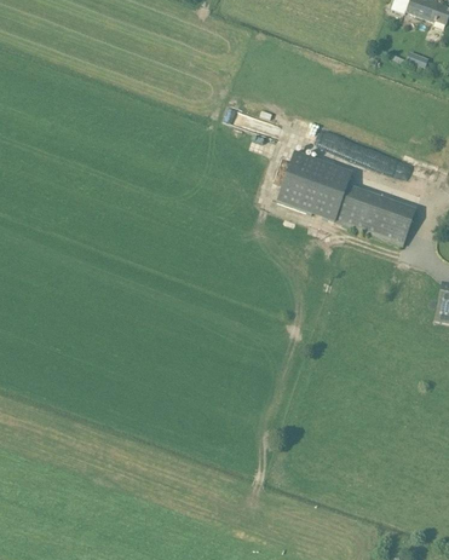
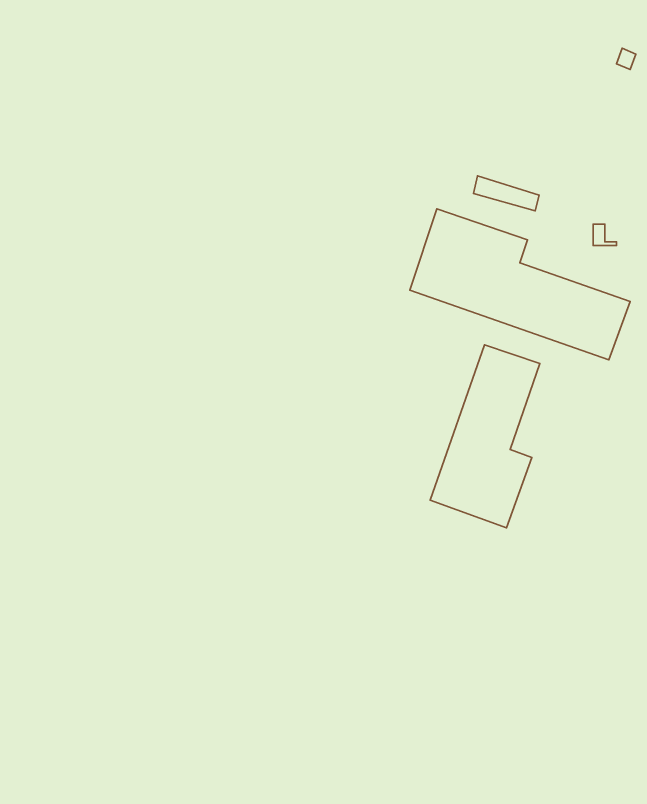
building: none -> [430,345,540,528]

